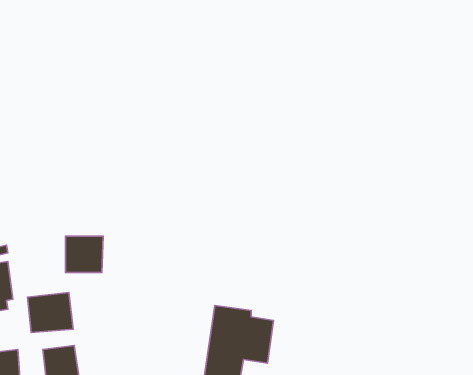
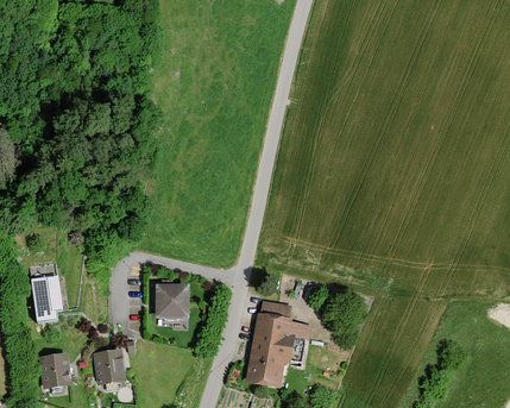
building: [65,236,103,273] -> [156,281,191,315]
building: [27,292,73,333] -> none

